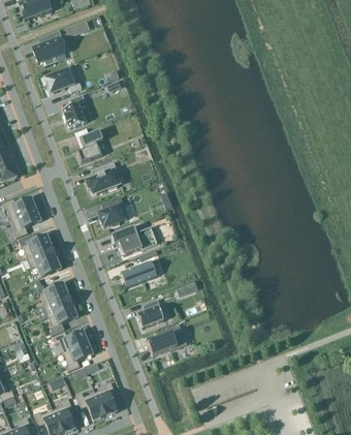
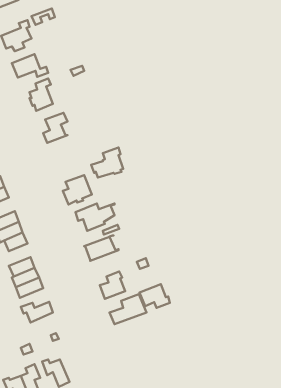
building: [86,161,120,193] -> [91,147,123,178]
building: none -> [140,284,170,308]
building: [64,342,93,371] -> none
building: [95,381,117,415] -> none

